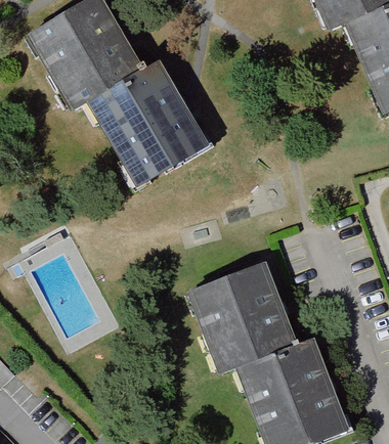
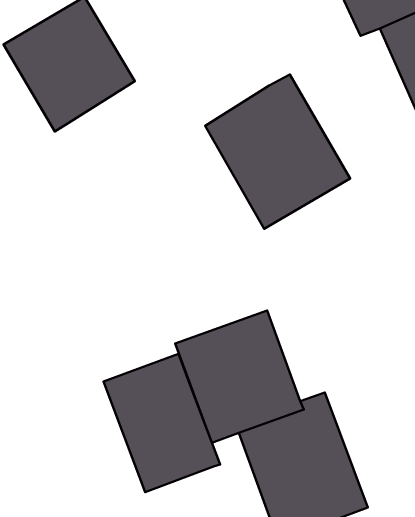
building: [91,60,212,189] -> [205,74,350,229]
building: none -> [103,354,220,492]

